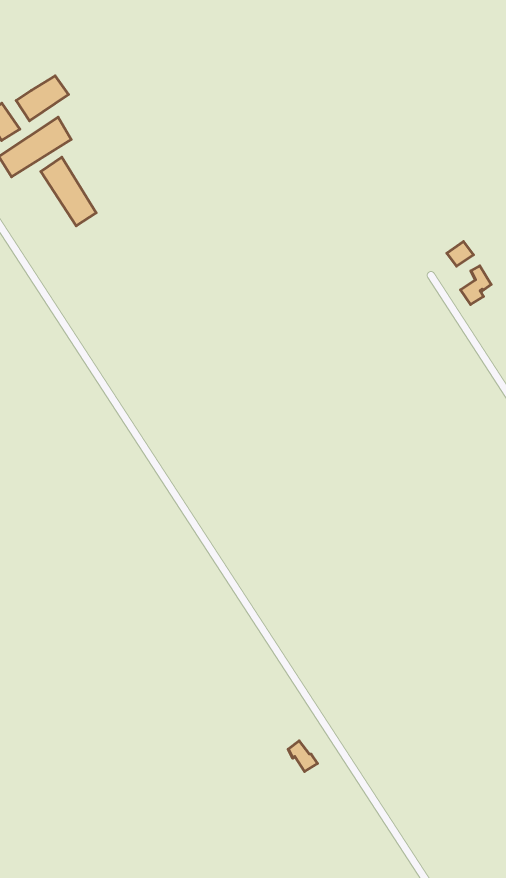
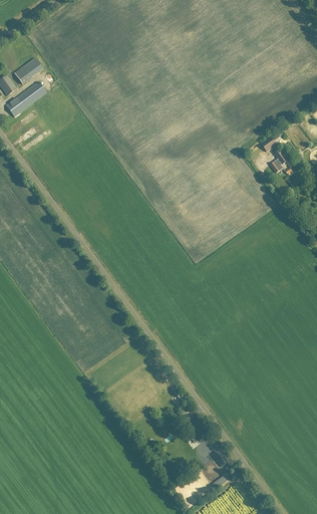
building: [41,157,96,226] -> none

